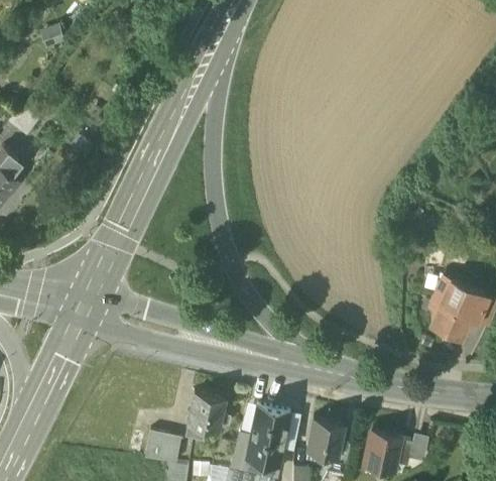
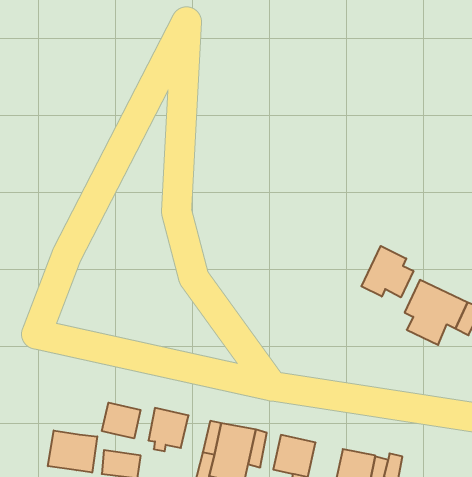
building: none -> [361,246,413,297]
building: none -> [102,403,141,438]
building: none -> [48,430,97,473]

